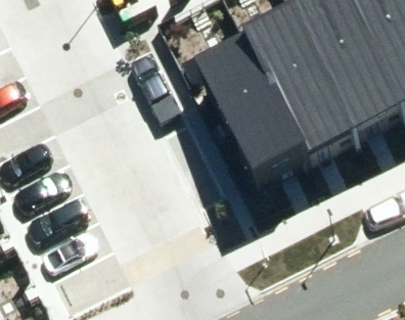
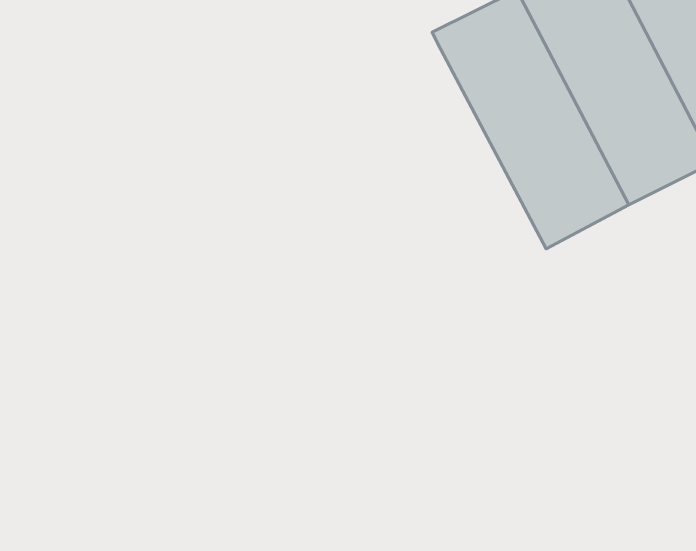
building: [194,31,307,172] -> none

